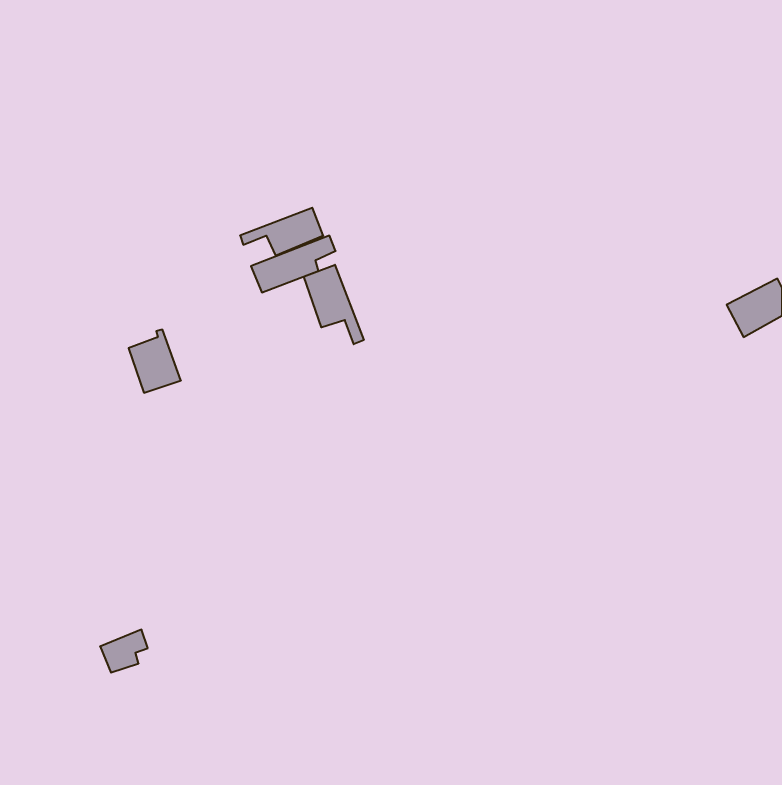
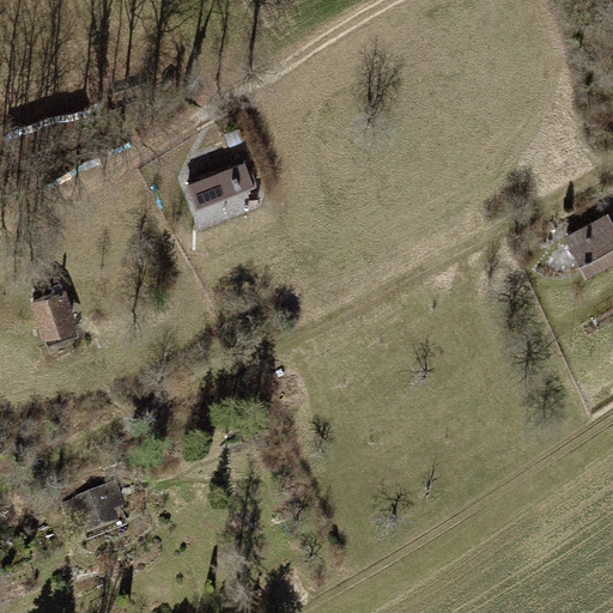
building: [304,265,364,344] -> none
building: [129,330,181,393] -> [32,286,73,335]

